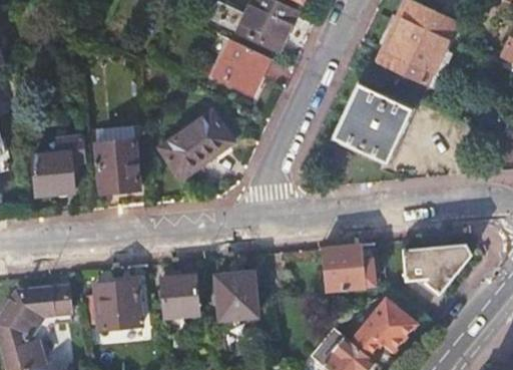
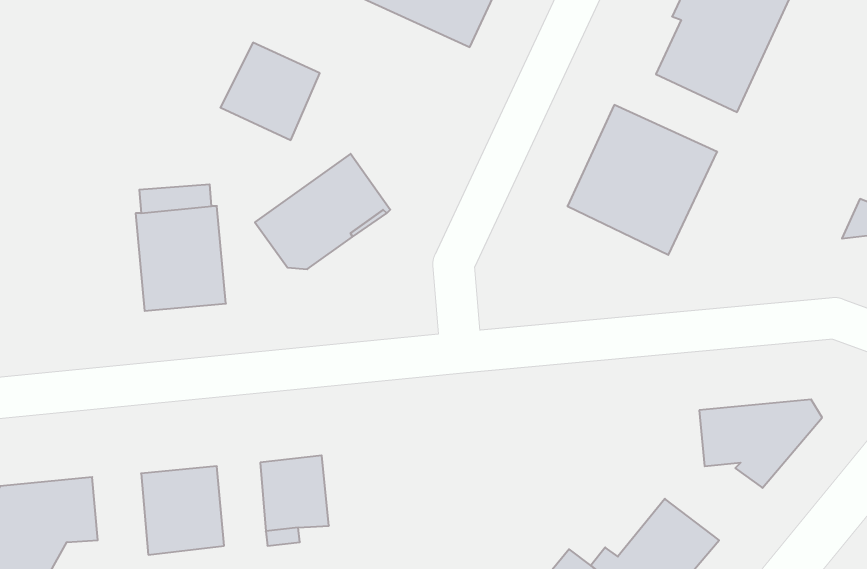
building: [213,39,269,93] -> [220,43,320,140]
building: [33,133,85,192] -> none
building: [323,245,375,292] -> none
building: [216,273,258,321] -> none

